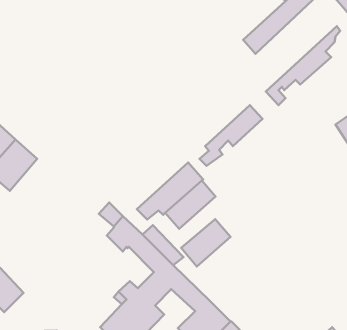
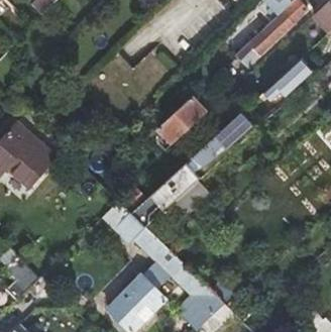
building: none -> [157,91,205,142]
building: [181,219,231,267] -> none

